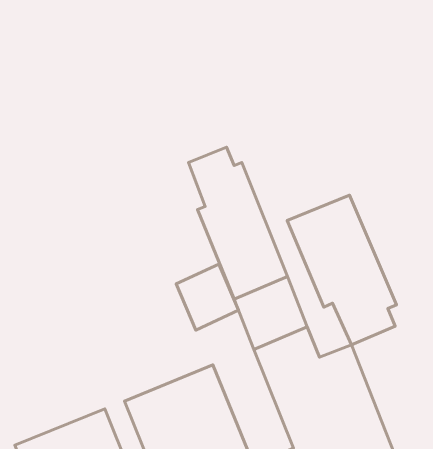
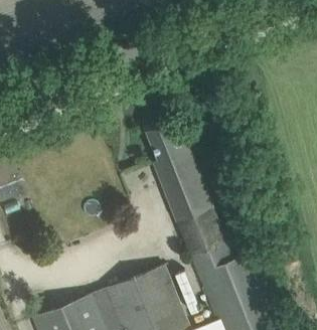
building: [287,195,397,345] -> none
building: [176,264,238,330] -> none

